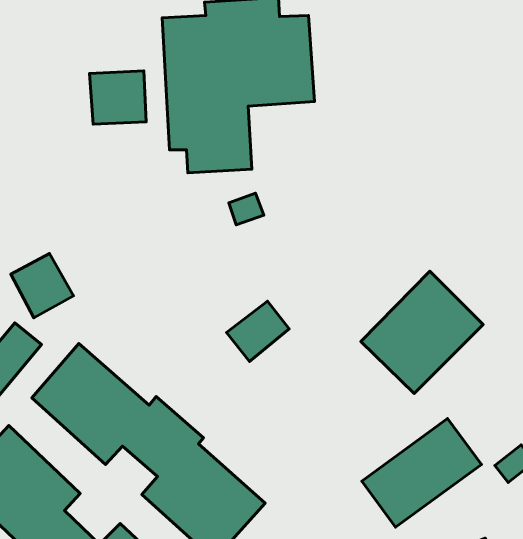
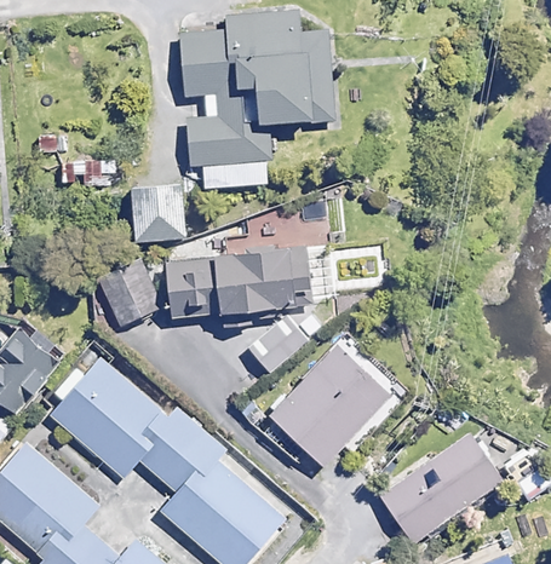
building: [89,71,146,124] -> [128,186,185,240]
building: none -> [167,243,309,329]
building: [11,254,74,318] -> [102,261,165,326]
building: [361,271,483,394] -> [269,341,391,464]

